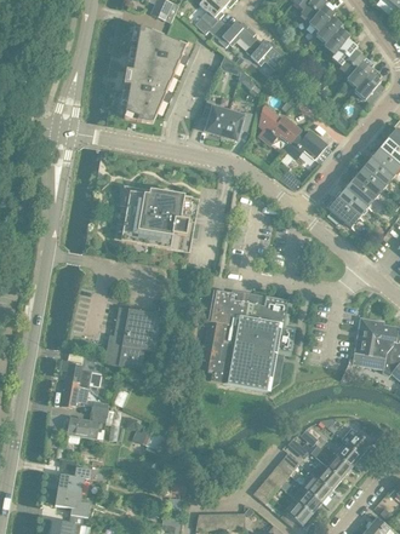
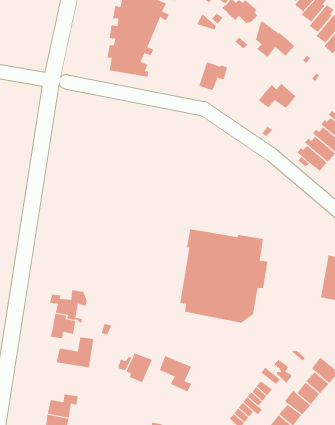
building: [202,99,229,134] -> none
building: [257,104,299,144] -> [255,21,295,58]
building: [121,189,199,252] -> none
building: [104,306,162,368] -> none
building: none -> [159,355,192,392]

